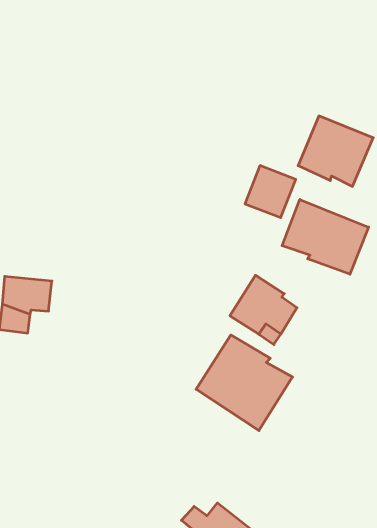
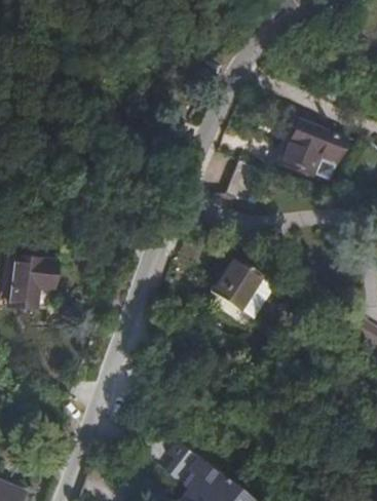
building: [282,199,369,274] -> none
building: [196,335,293,431] -> none

